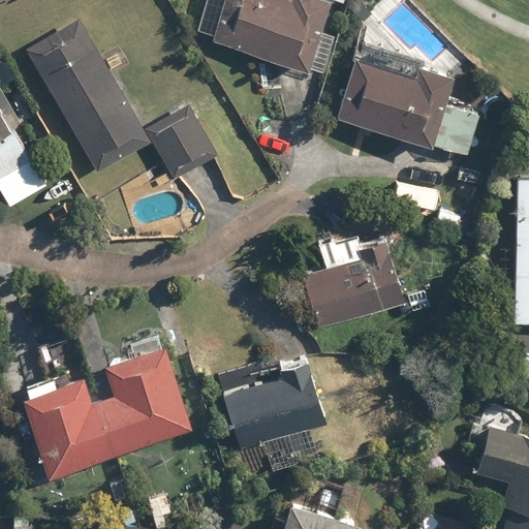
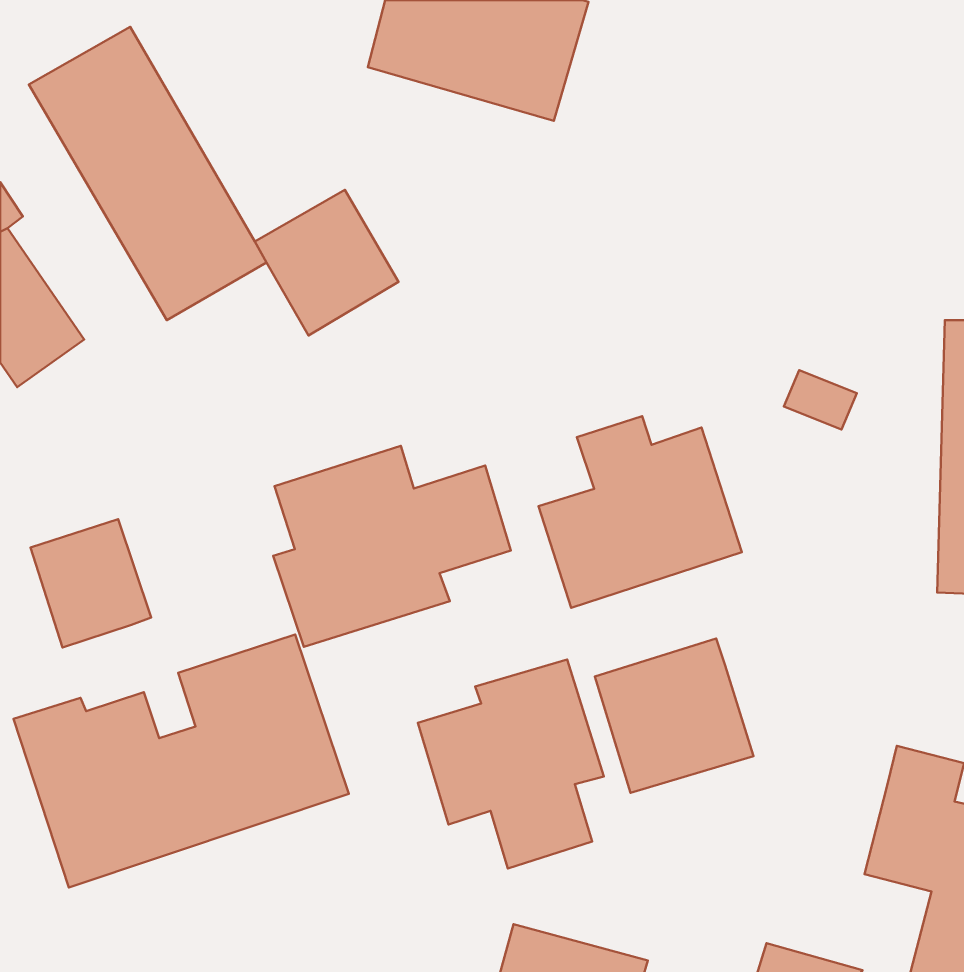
building: [336,37,481,156] -> none
building: none -> [273,446,511,647]
building: none -> [31,519,151,647]
building: none -> [595,638,753,793]

